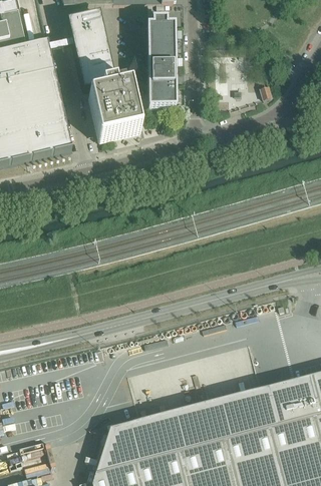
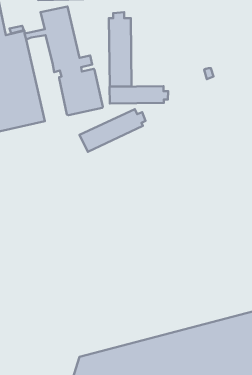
building: none -> [109,86,168,103]
building: none -> [80,109,145,152]

